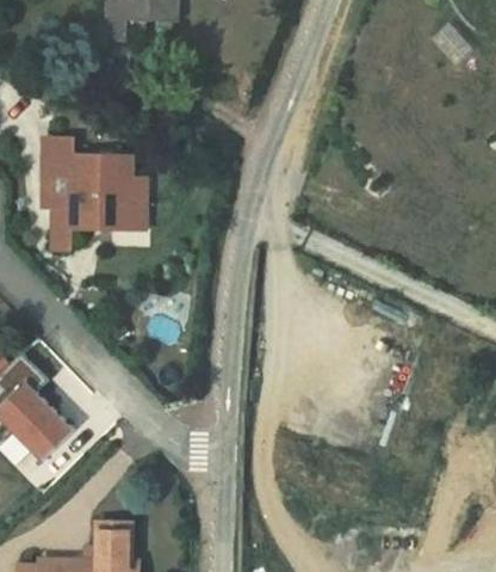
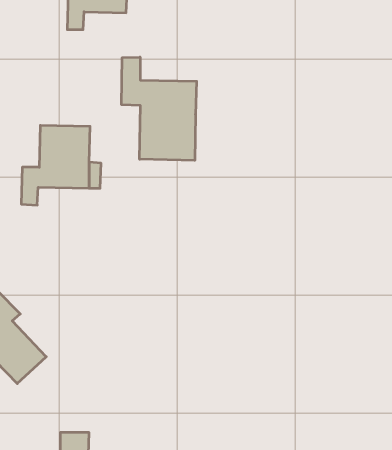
building: none -> [122,57,197,160]
building: [42,136,73,204] -> none

